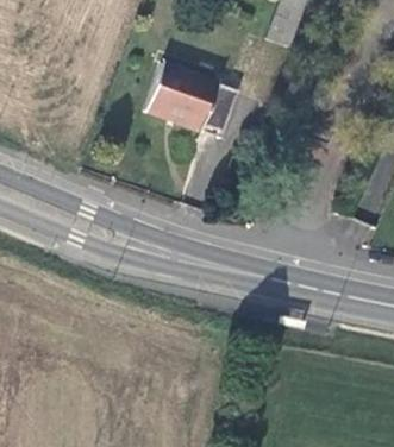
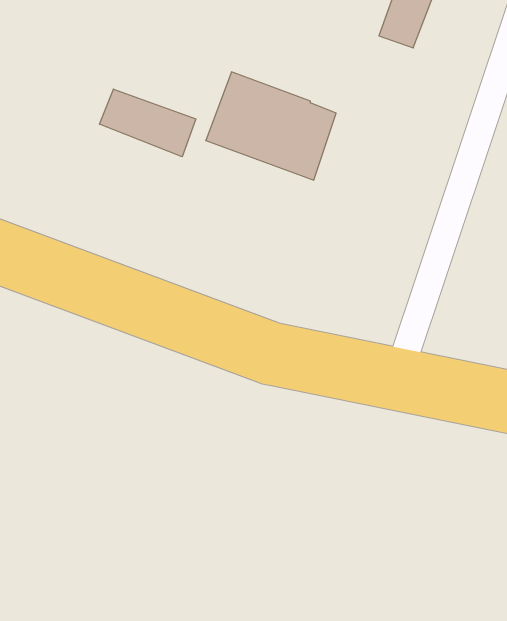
building: none -> [100,89,196,157]

